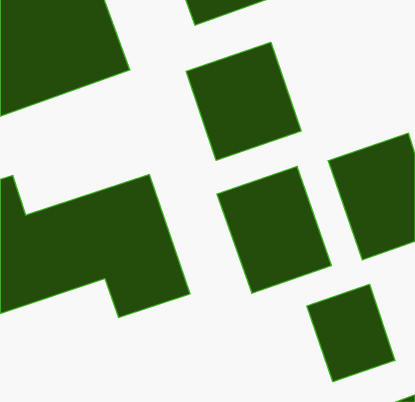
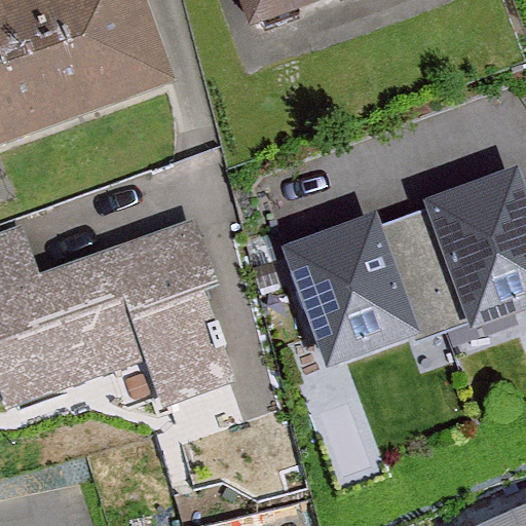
building: [186,42,301,160] -> none
building: [307,284,395,382] -> none

